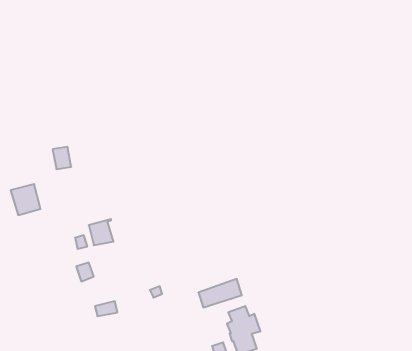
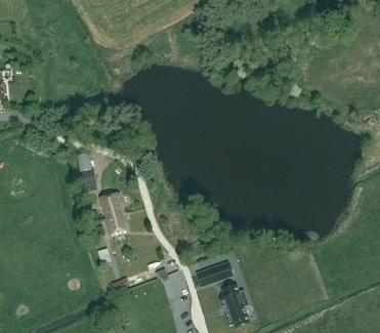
building: [11,184,40,215] -> [100,192,125,217]

